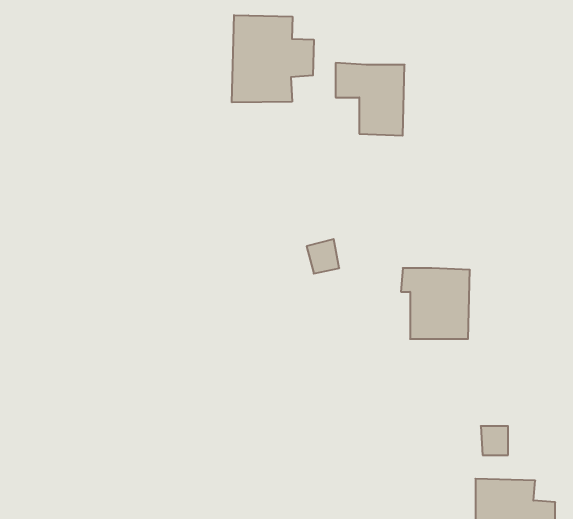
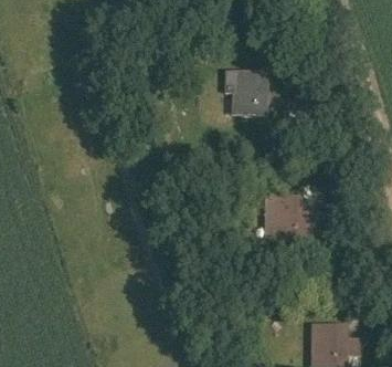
building: [232,15,314,102] -> none

